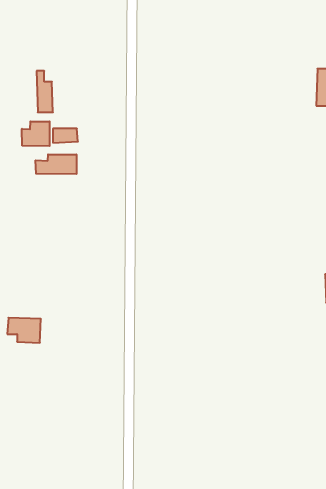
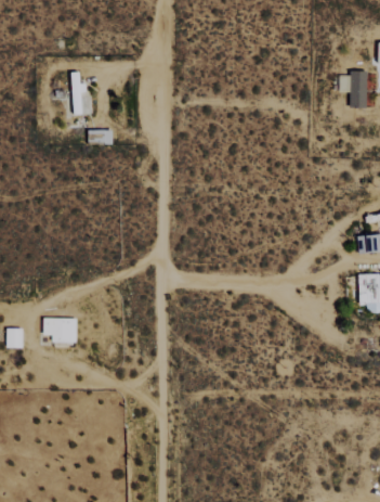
building: [22,121,50,146] -> none
building: [36,154,76,174] -> none

